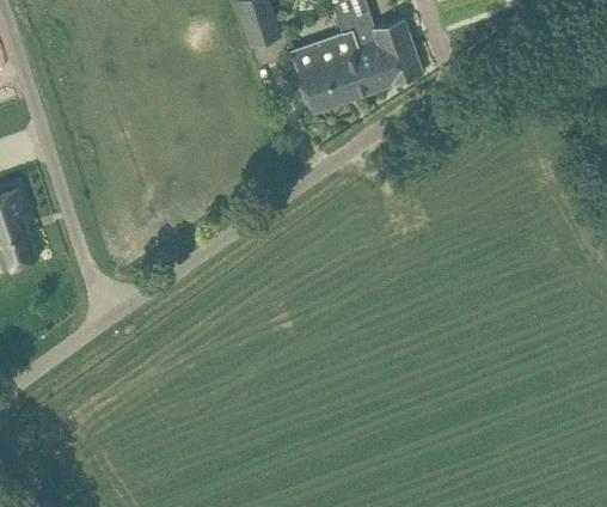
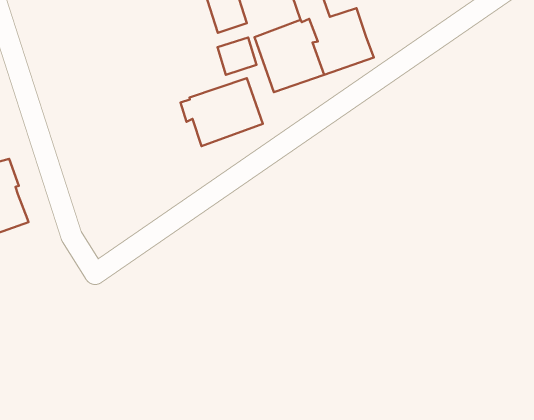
building: none -> [217,37,257,75]
building: none -> [180,78,263,146]

